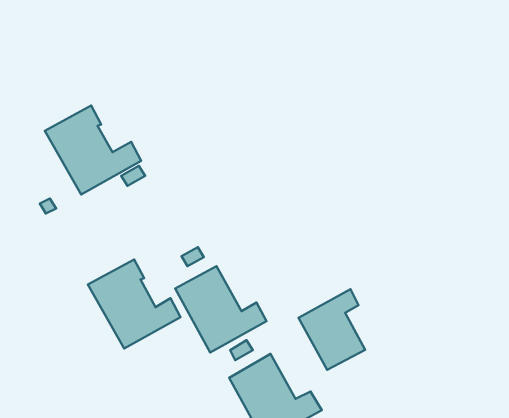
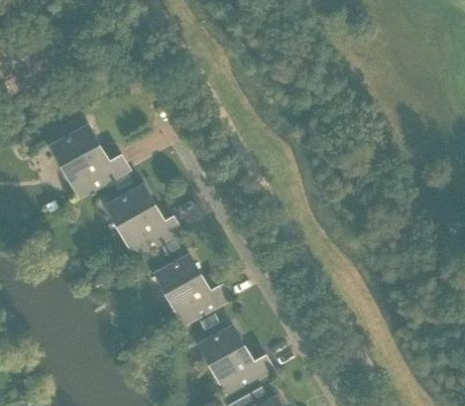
building: [88,259,181,348] -> [105,184,180,256]
building: [299,289,365,370] -> none

